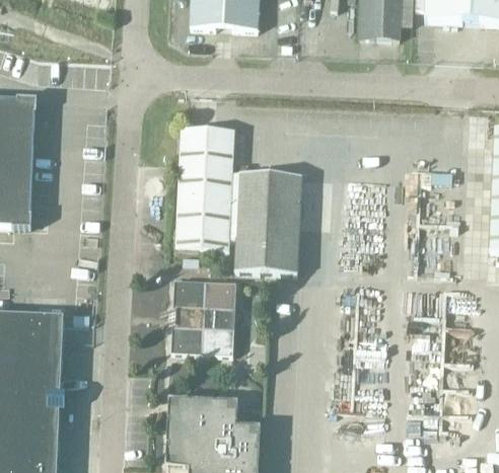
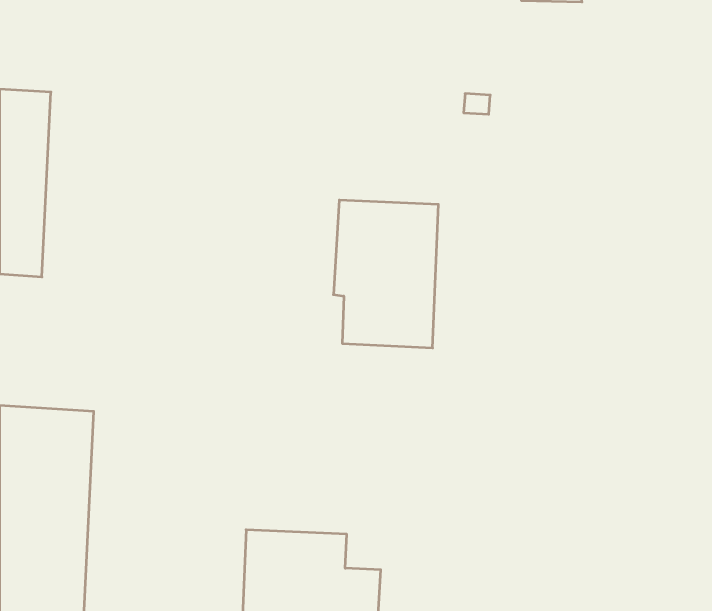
building: [175,127,235,248] -> none
building: [170,279,235,352] -> none

